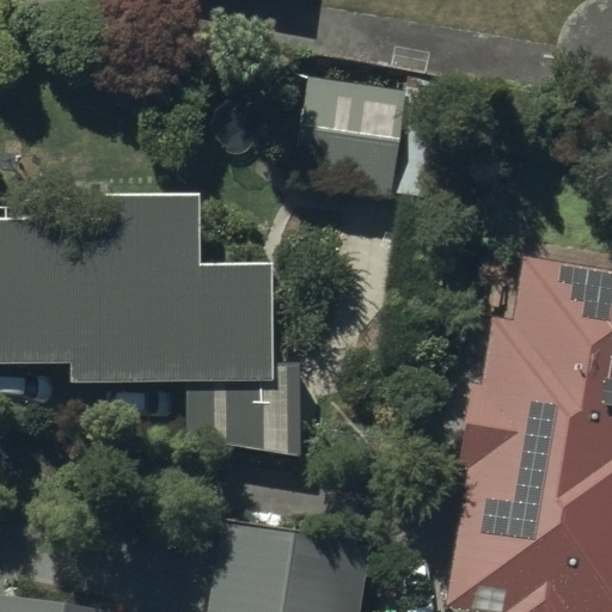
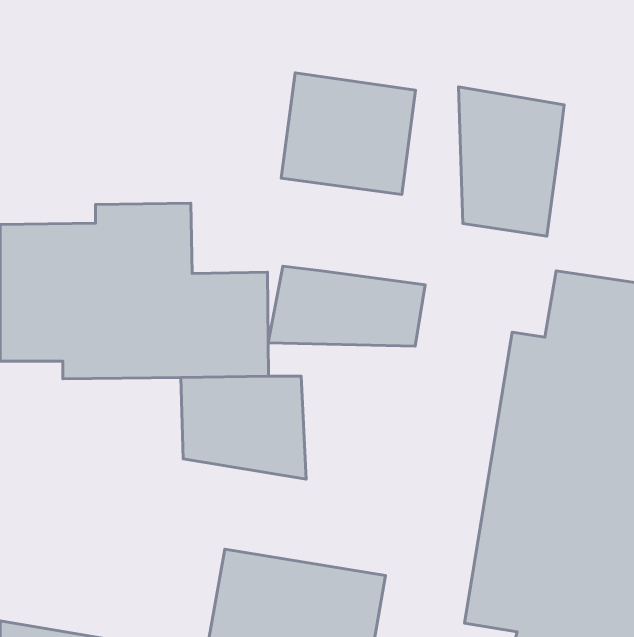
building: none -> [459,87,564,236]
building: none -> [268,266,425,346]

